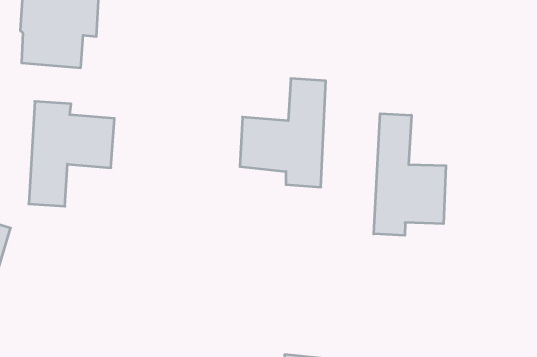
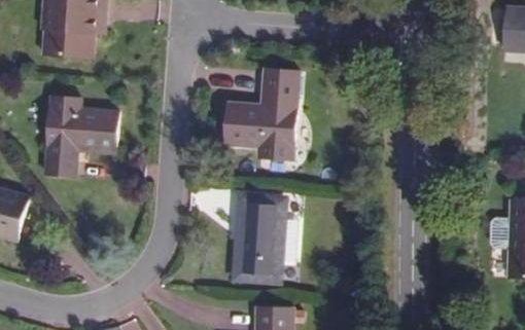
building: [374,114,446,235] -> none
building: none -> [238,197,284,280]

